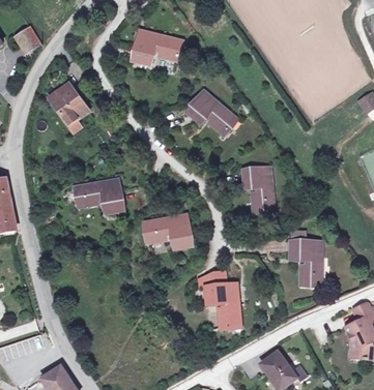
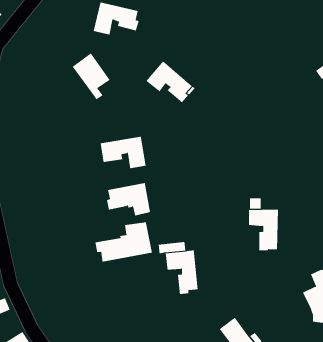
building: [49,83,88,131] -> [72,52,110,100]
building: [242,167,274,212] -> none
building: [75,179,122,212] -> [100,136,147,169]
building: none -> [95,222,152,262]

